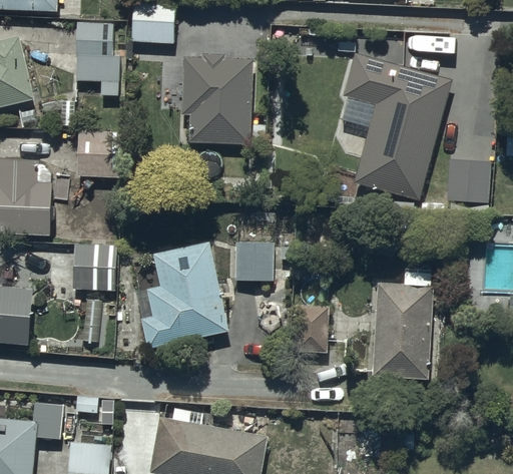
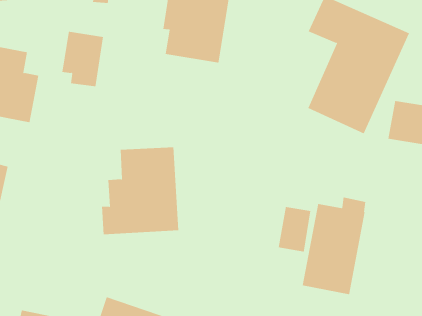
building: [234,243,273,281] -> none
building: [73,244,115,291] -> none
building: [297,307,328,354] -> [278,207,311,252]

